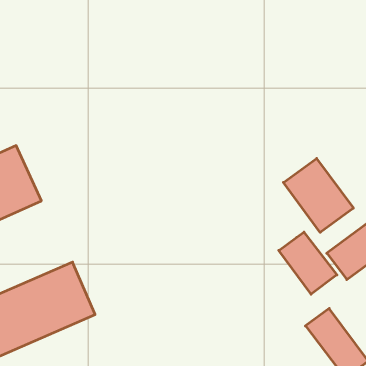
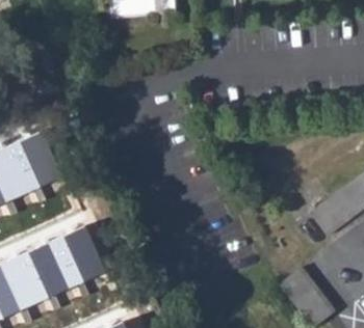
building: [283,158,353,232] -> none
building: [279,232,337,294] -> none

